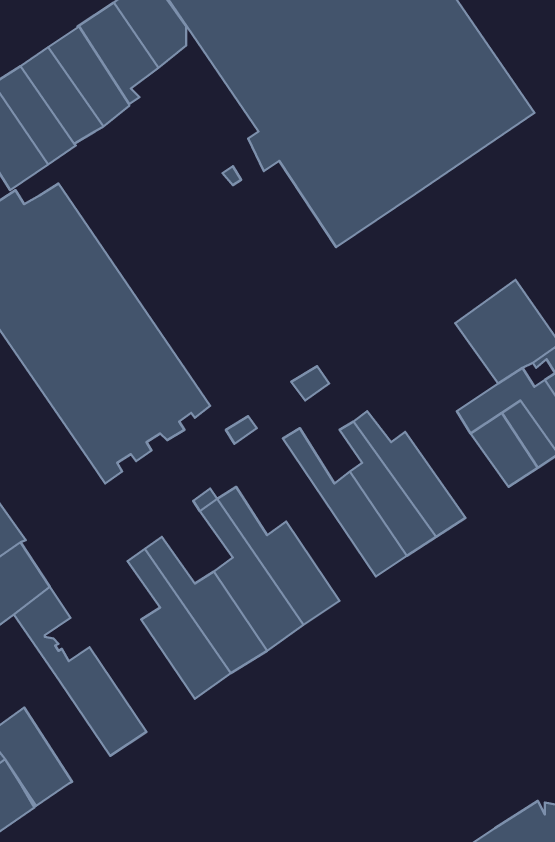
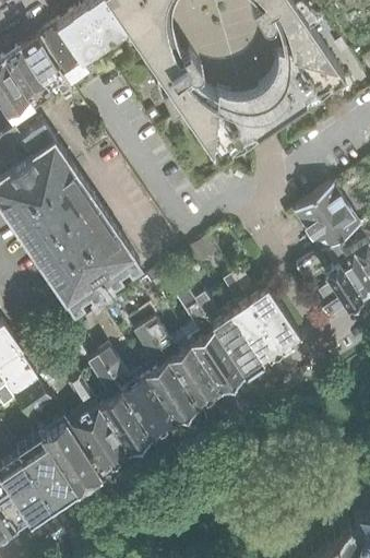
building: none -> [176,286,244,389]
building: none -> [64,369,130,470]
building: none -> [22,440,76,503]

